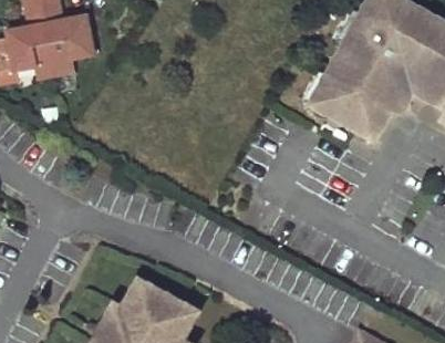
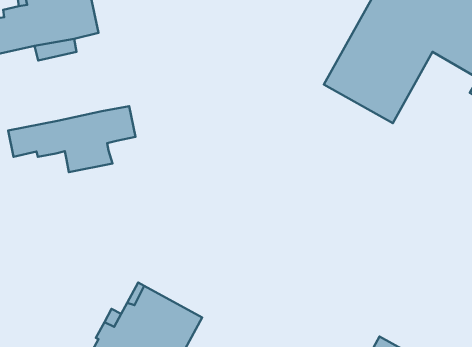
building: none -> [8,106,136,172]

